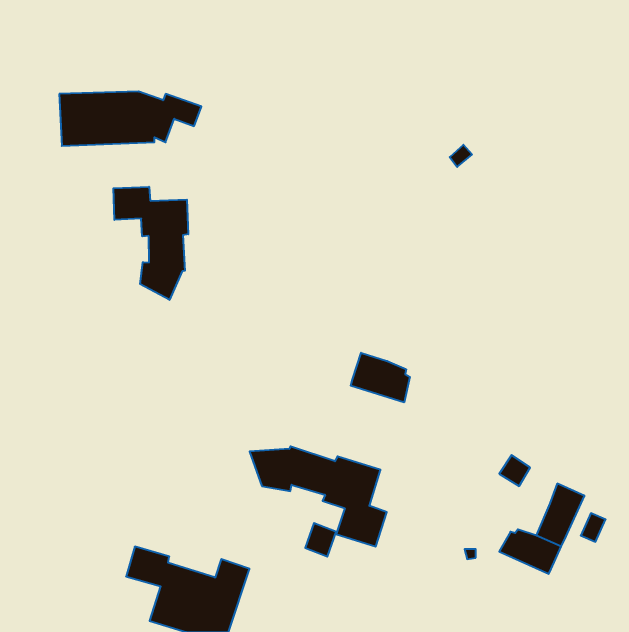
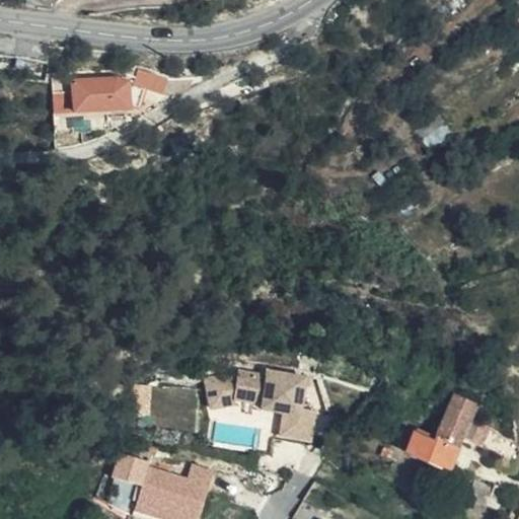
building: [113,187,188,300] -> none
building: [351,353,410,402] -> none

